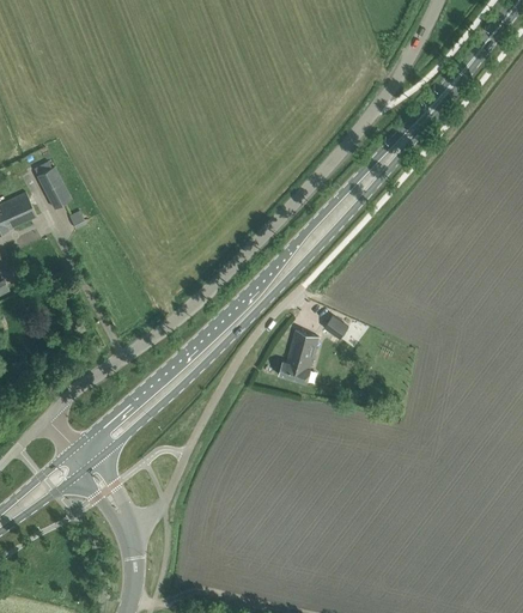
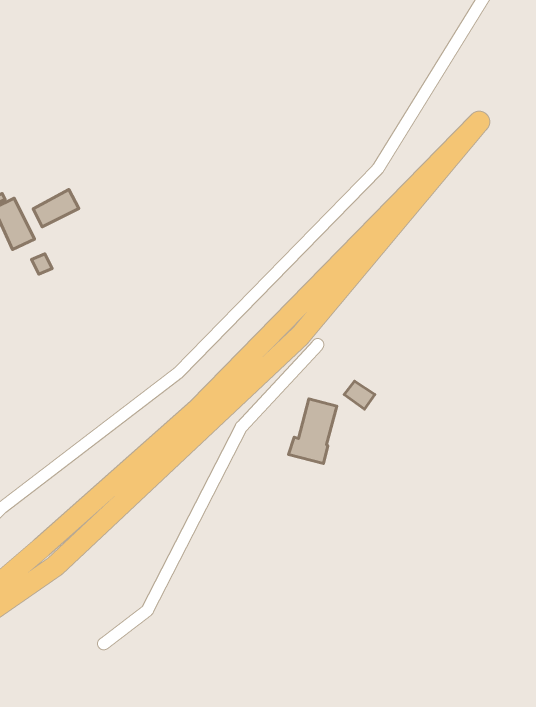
building: none -> [33,189,79,227]

